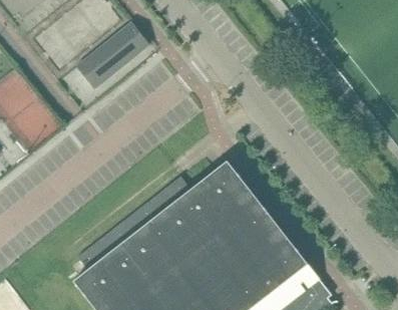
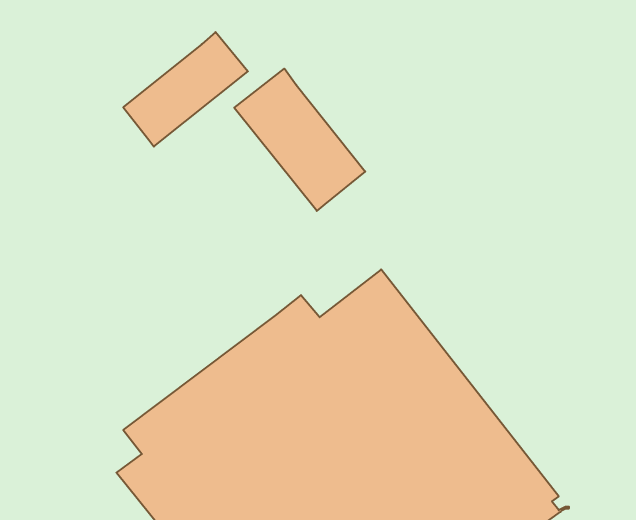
building: none -> [234,69,365,211]

